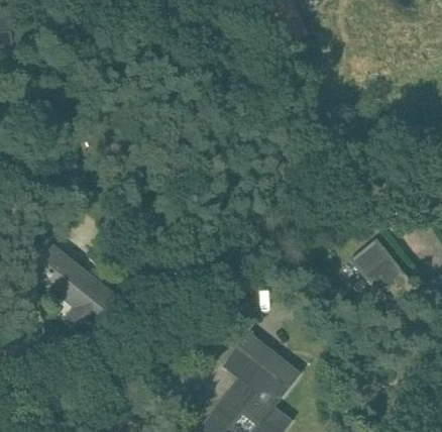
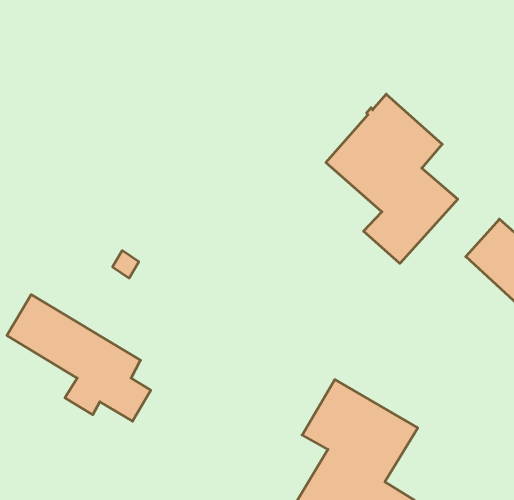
building: none -> [326,94,458,263]

